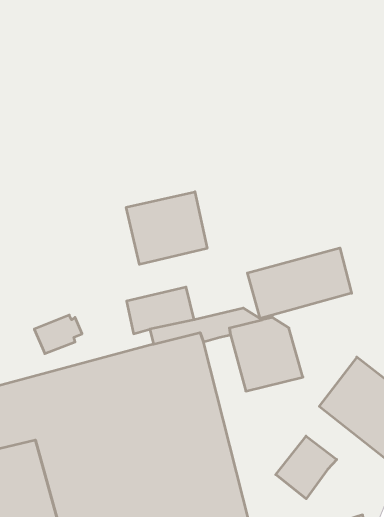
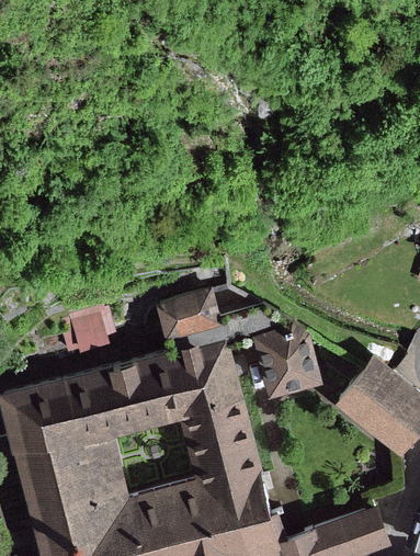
building: [126,192,207,264] -> none
building: [247,248,352,319] -> none
building: [276,436,337,499] -> none

